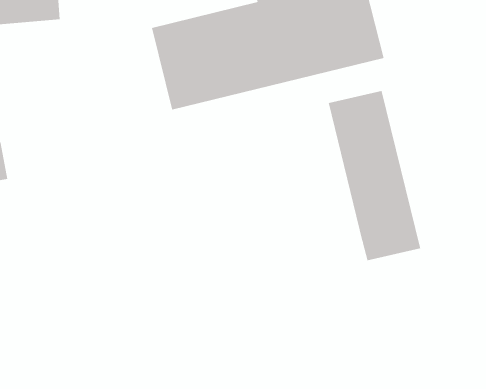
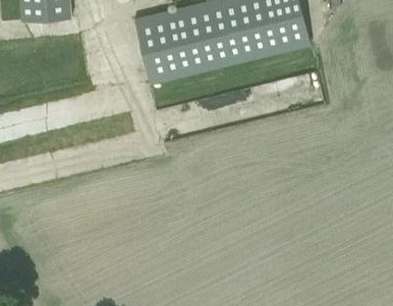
building: [328,90,421,261] -> none

